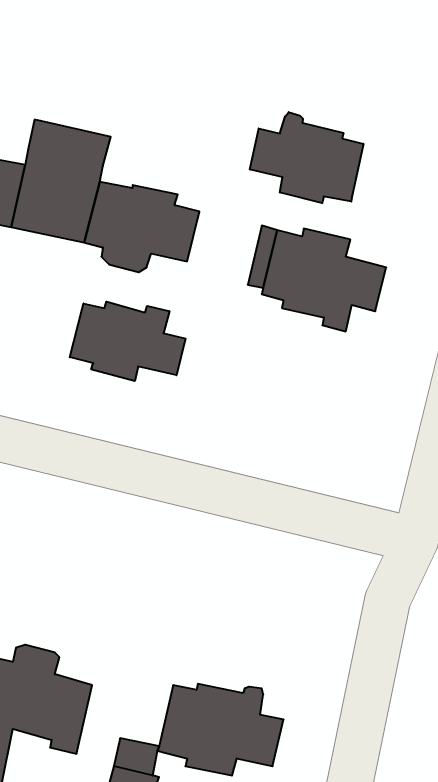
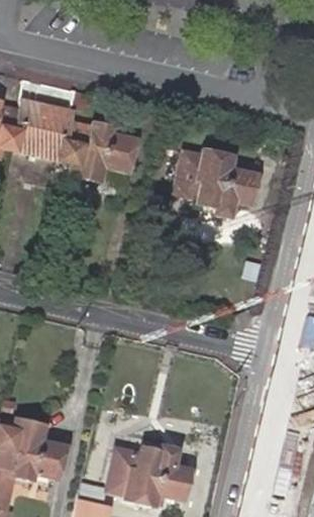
building: [250,112,363,203] -> none
building: [70,302,186,381] -> none

